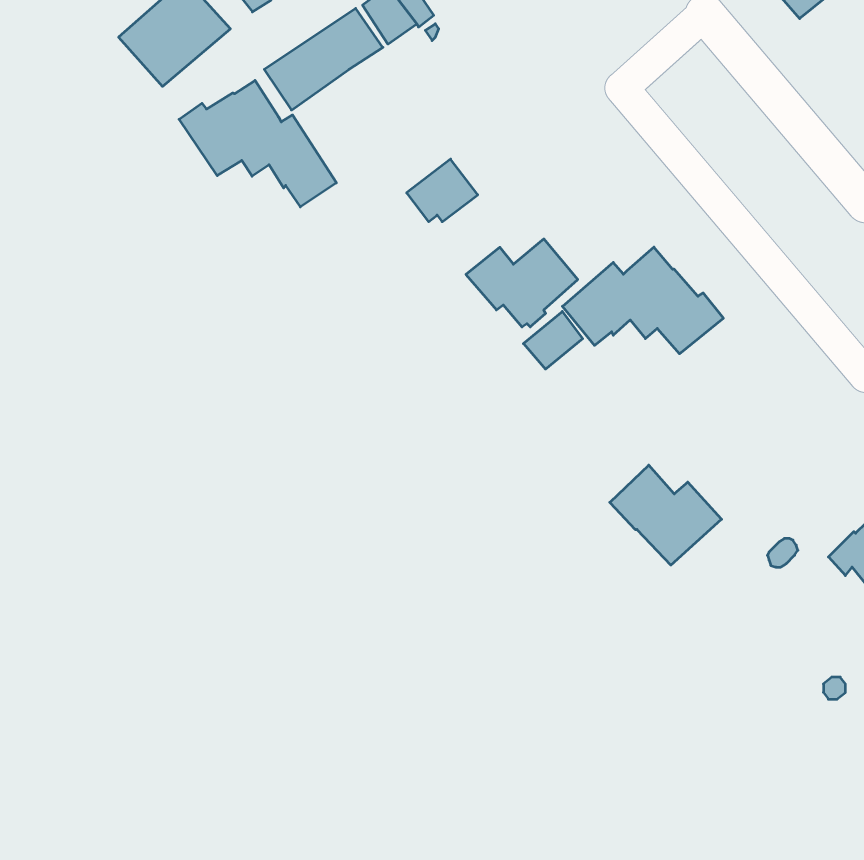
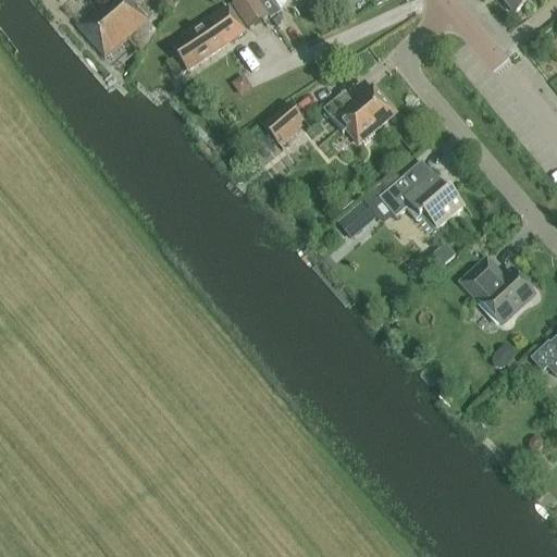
building: [179,80,336,207] -> none
building: [466,239,578,327] -> [324,86,396,143]
building: [610,465,722,565] -> [463,259,535,323]

